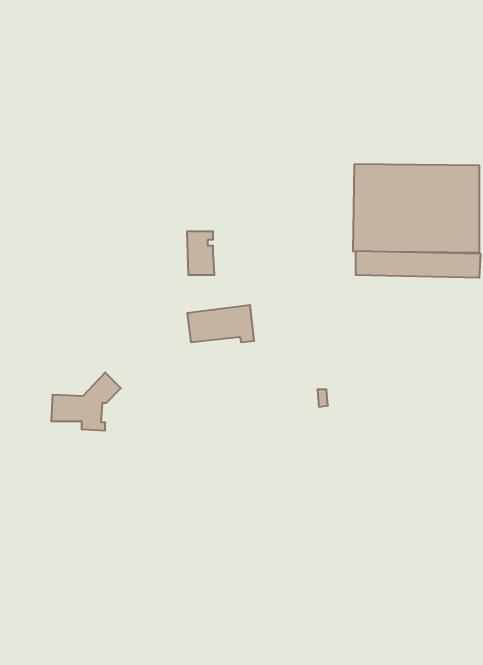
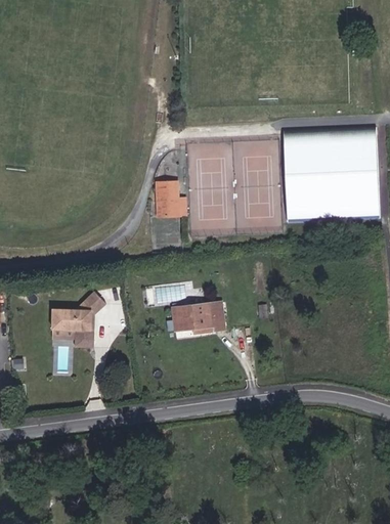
building: [187,305,254,342] -> [171,302,223,331]
building: none -> [50,330,92,347]

